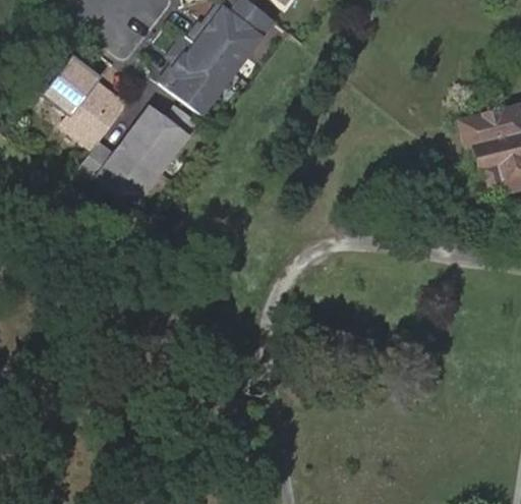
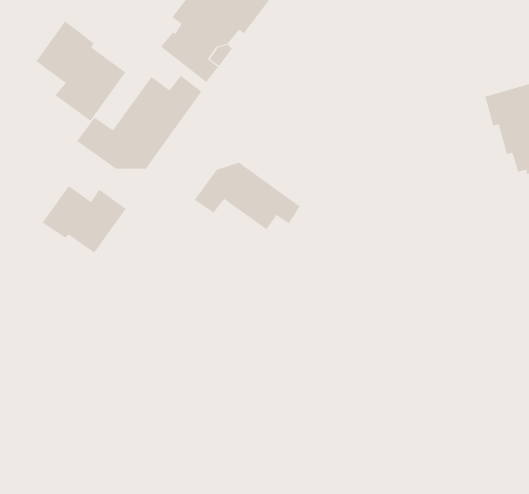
building: none -> [194,162,301,230]
building: none -> [42,185,127,253]

